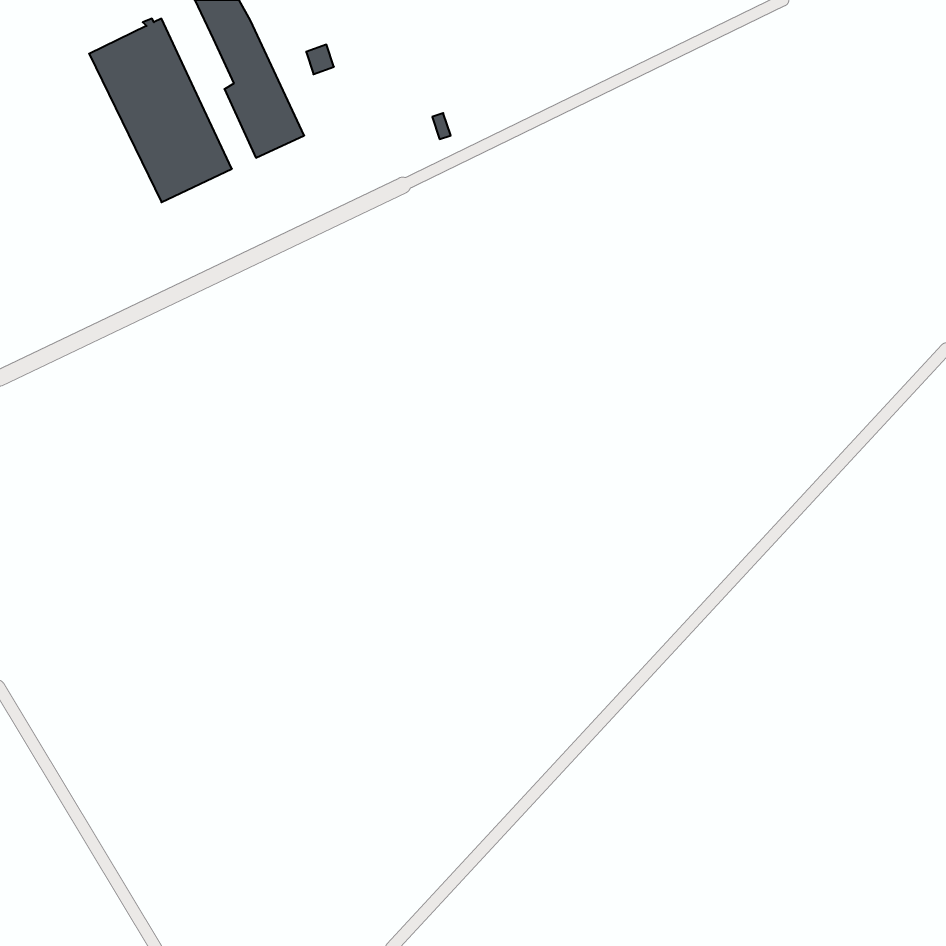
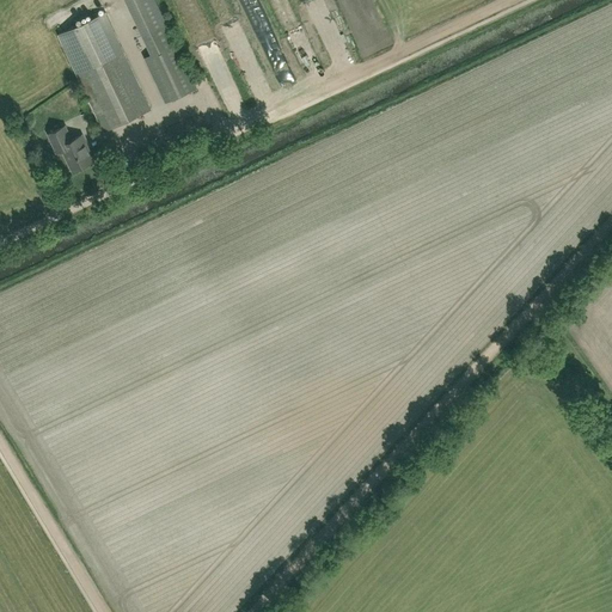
building: none -> [48,127,91,171]

